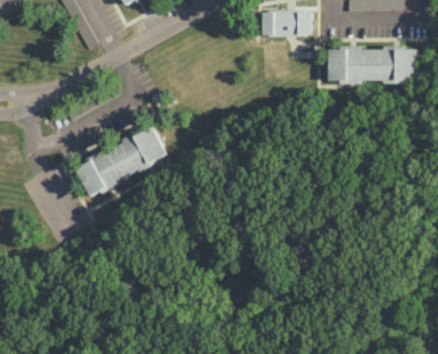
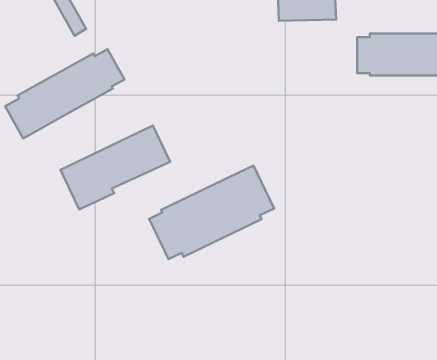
building: none -> [5,49,124,138]
building: none -> [149,165,274,259]

